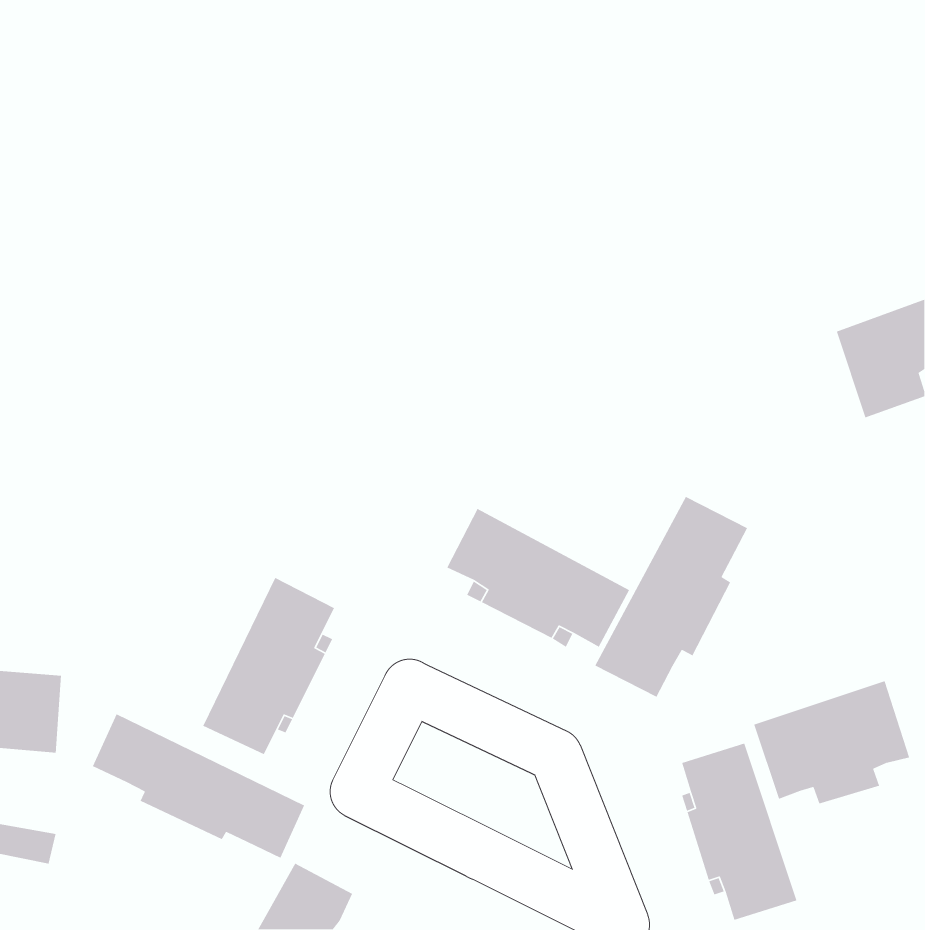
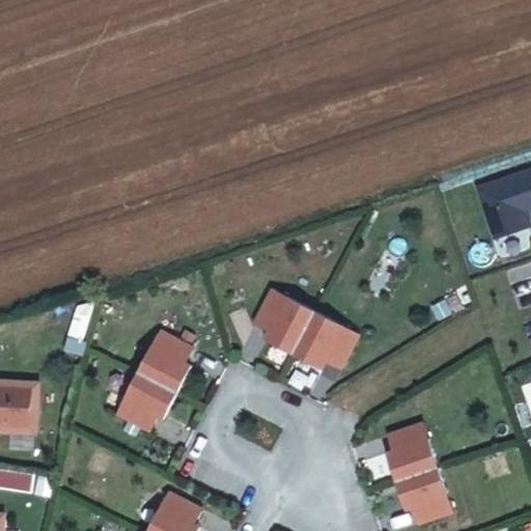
building: [594,496,748,698] -> none
building: [753,680,910,805] -> none
building: [92,713,305,859] -> none

